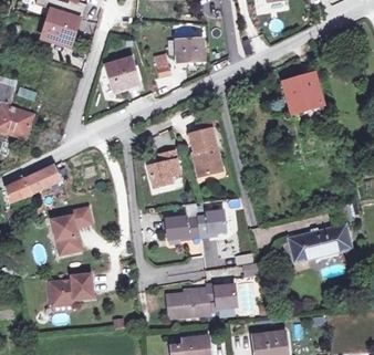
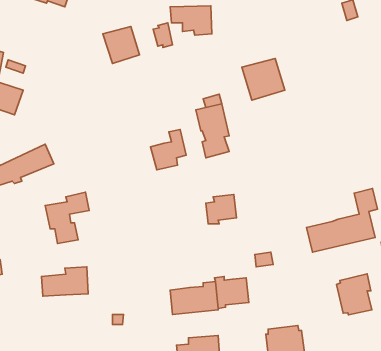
building: [283,74,322,112] -> [242,58,285,100]
building: [165,212,200,238] -> none
building: none -> [337,274,372,315]

